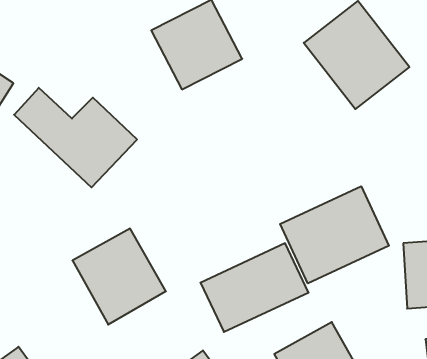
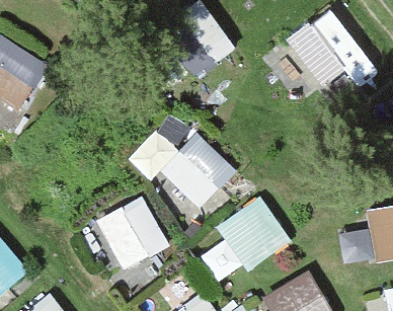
building: [14,88,137,187] -> [134,130,235,212]
building: [280,186,389,283] -> none

